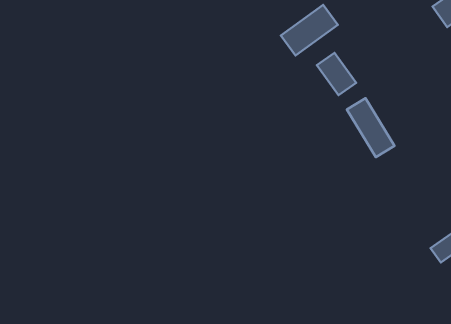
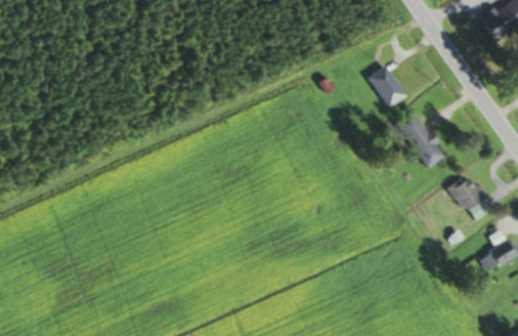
building: [281,5,338,56] -> none
building: none -> [449,174,486,212]

